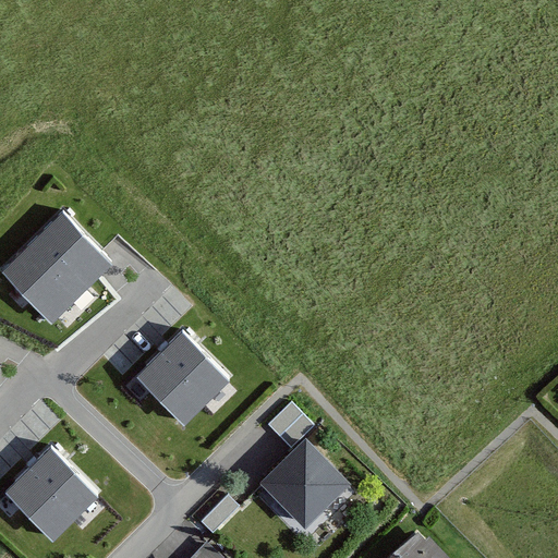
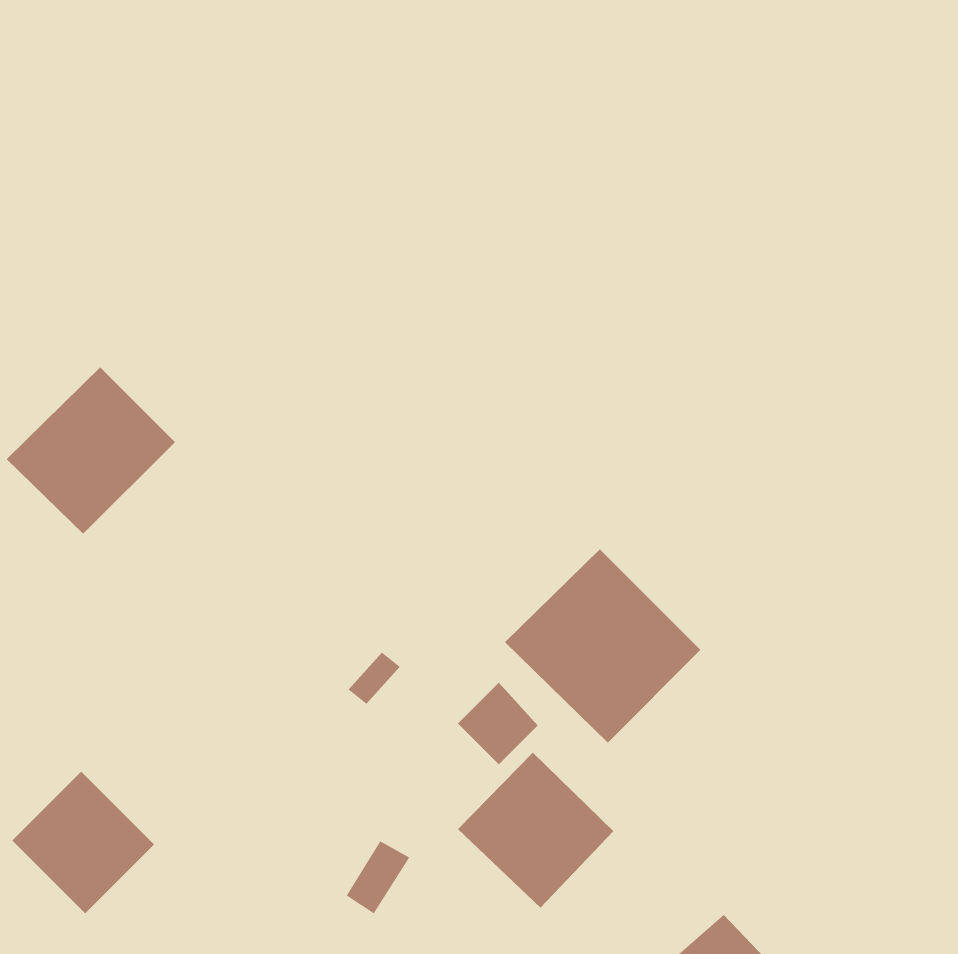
building: none -> [504,548,701,743]
building: [138,336,220,417] -> none

